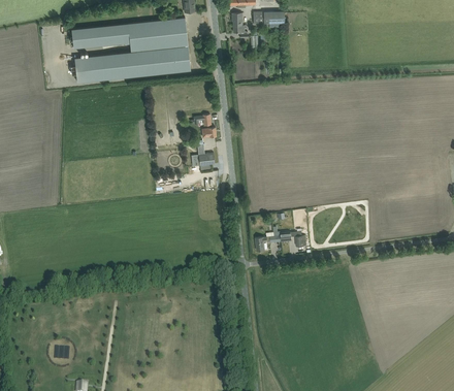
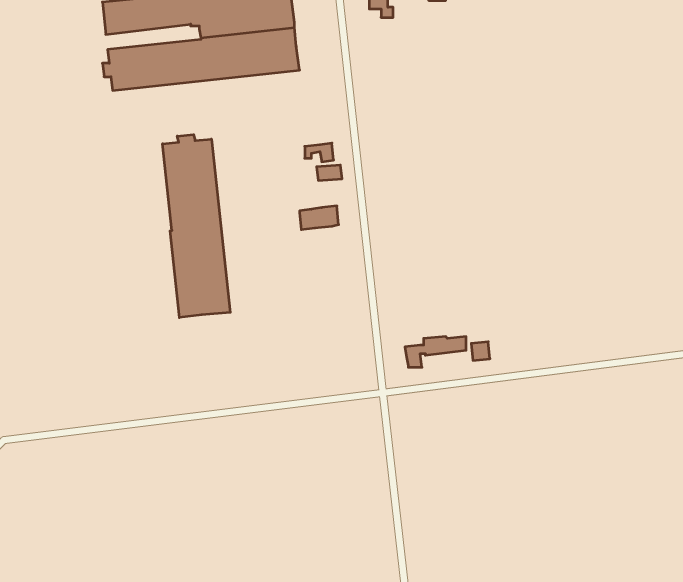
building: none -> [163,135,230,318]

